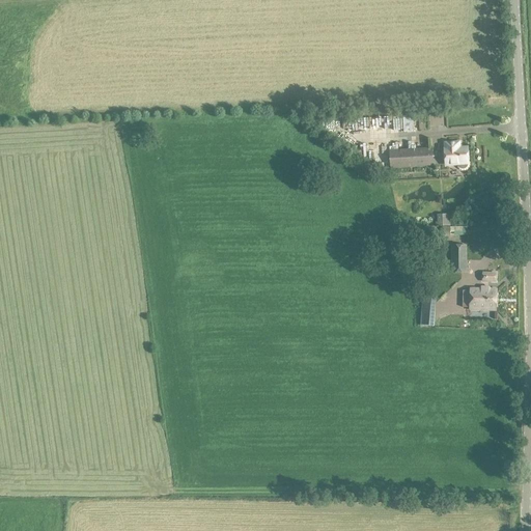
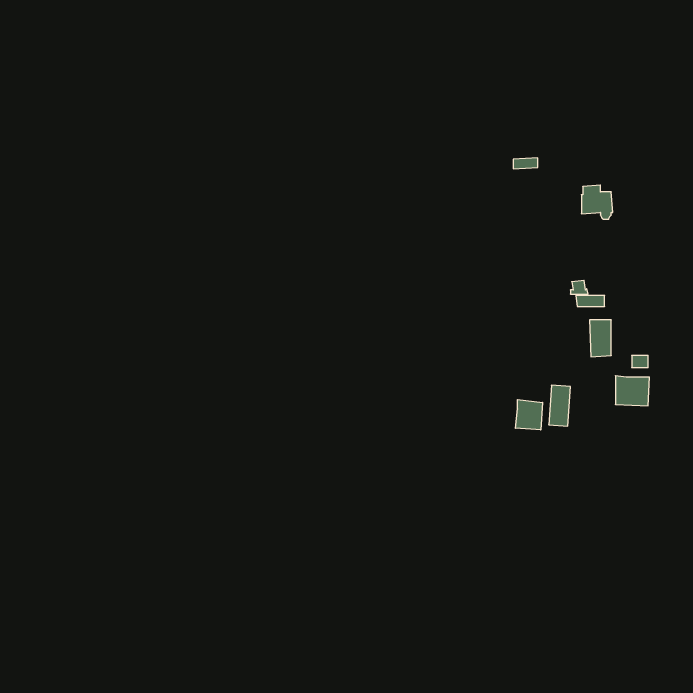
building: [388,146,431,167] -> none
building: none -> [515,400,543,430]

